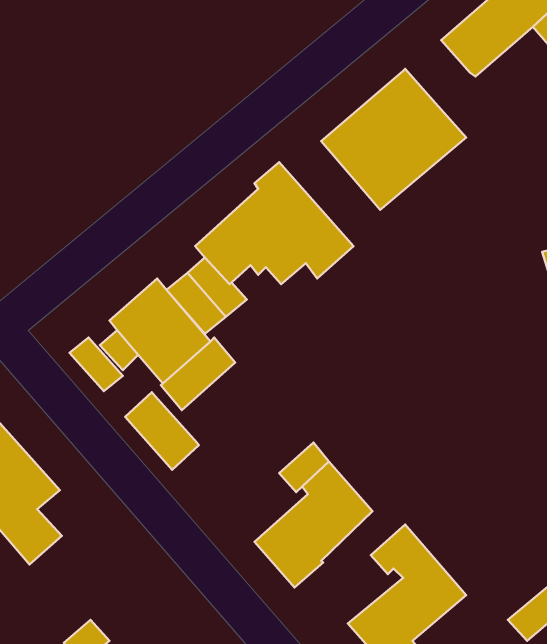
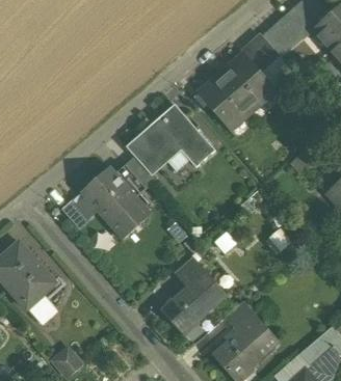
building: none -> [239,33,279,72]
building: [125,392,199,470] -> none

